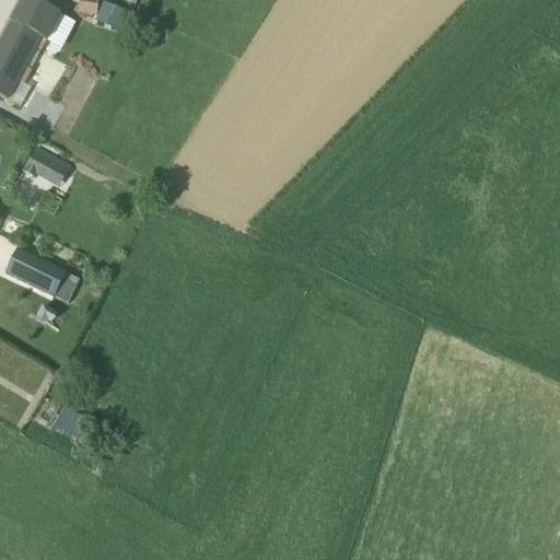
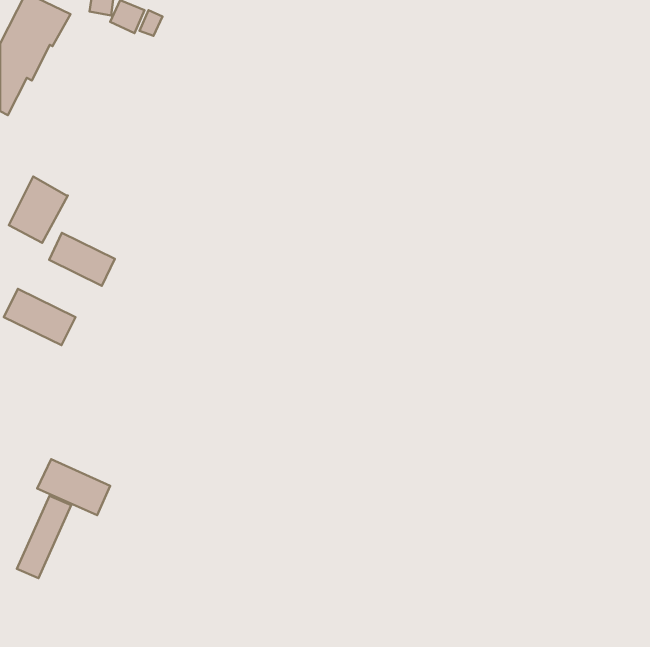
building: none -> [49,233,115,286]
building: none -> [17,496,71,578]

